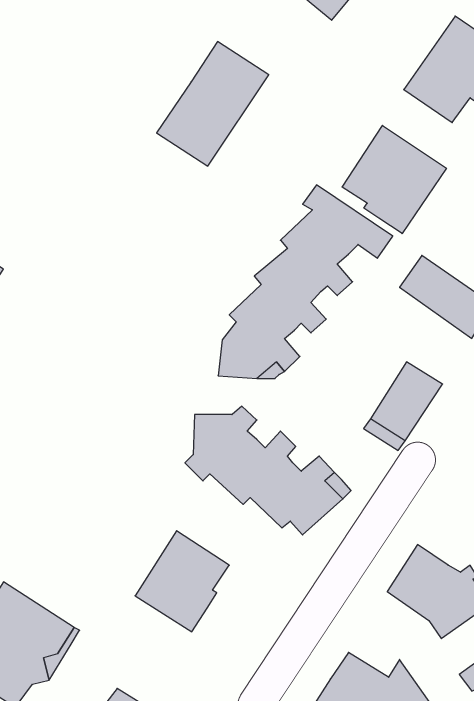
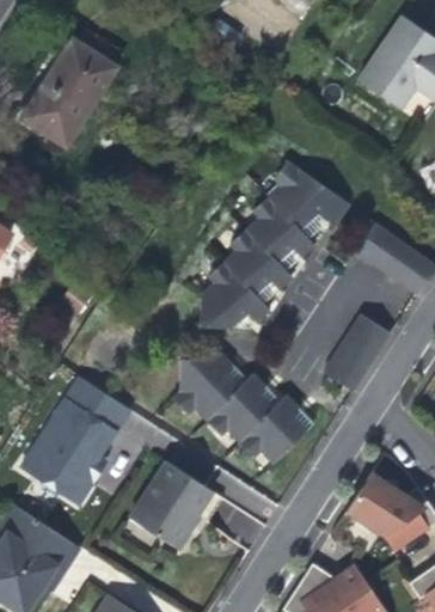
building: [157,42,269,166] -> [20,36,117,143]
building: [342,125,446,234] -> none
building: none -> [17,375,134,506]

